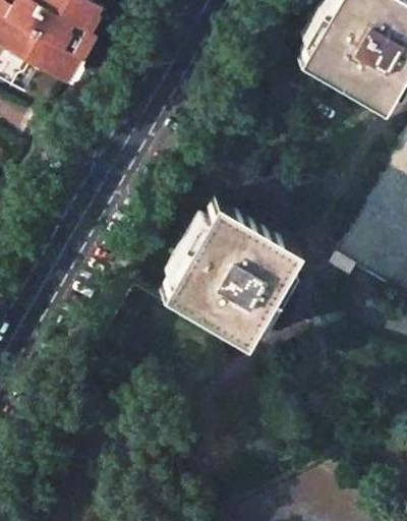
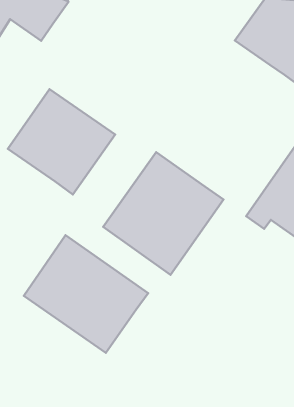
building: none -> [8,89,115,194]
building: none -> [24,235,148,353]

